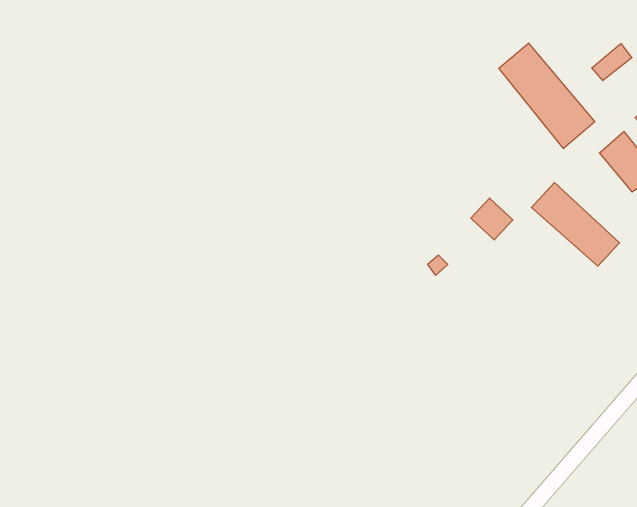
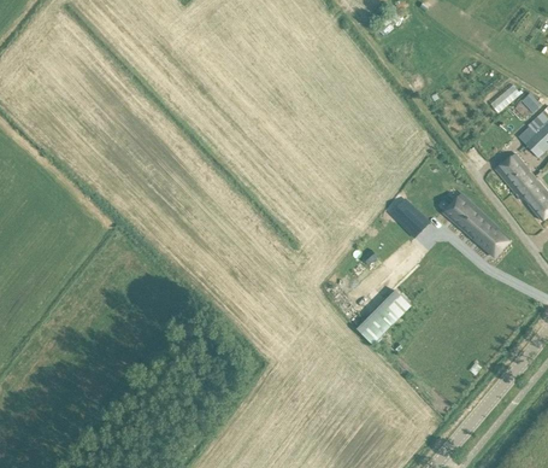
building: [499,43,595,149] -> none
building: none -> [354,288,408,343]

